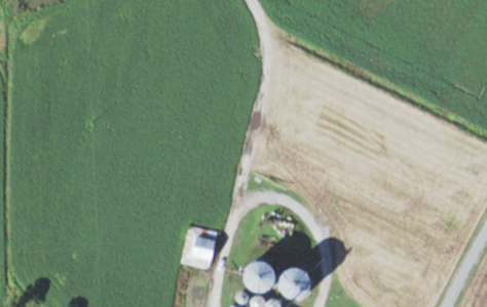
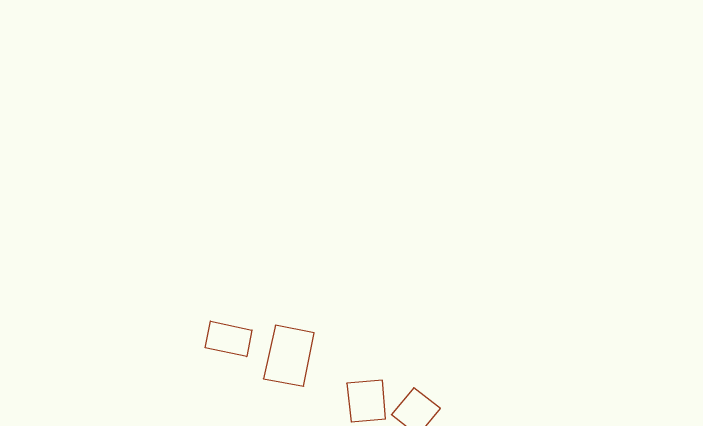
building: none -> [205,321,252,357]

